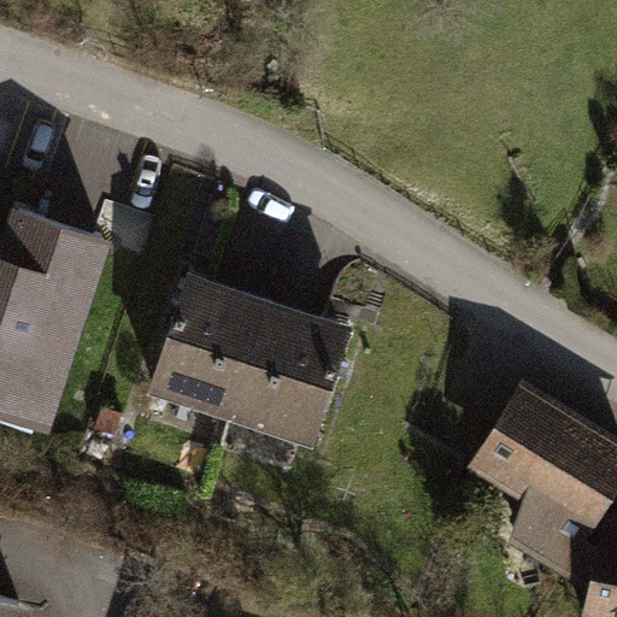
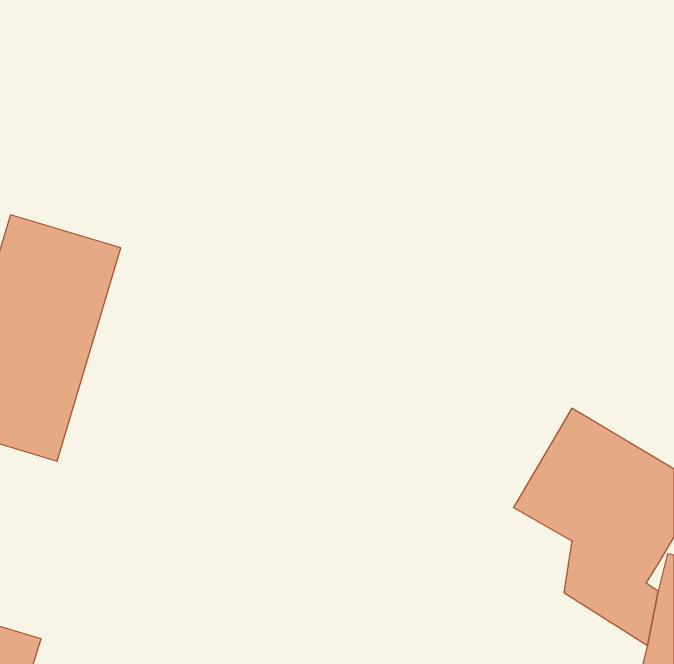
building: [148,272,349,448] -> none

